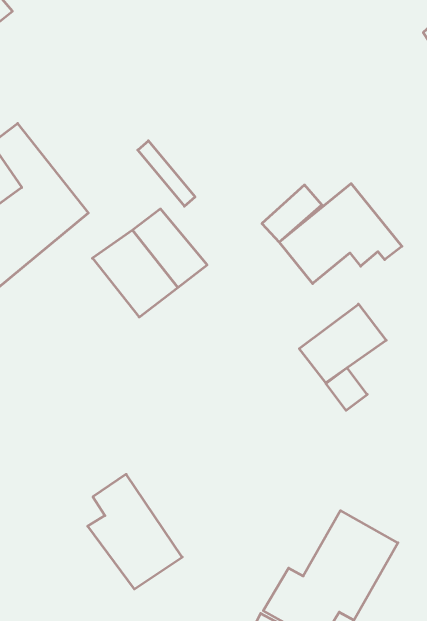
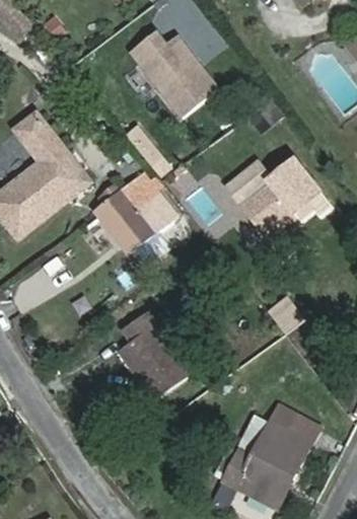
building: none -> [128,26,217,112]
building: [299,304,386,383] -> none
building: [88,474,182,589] -> [119,309,191,396]

